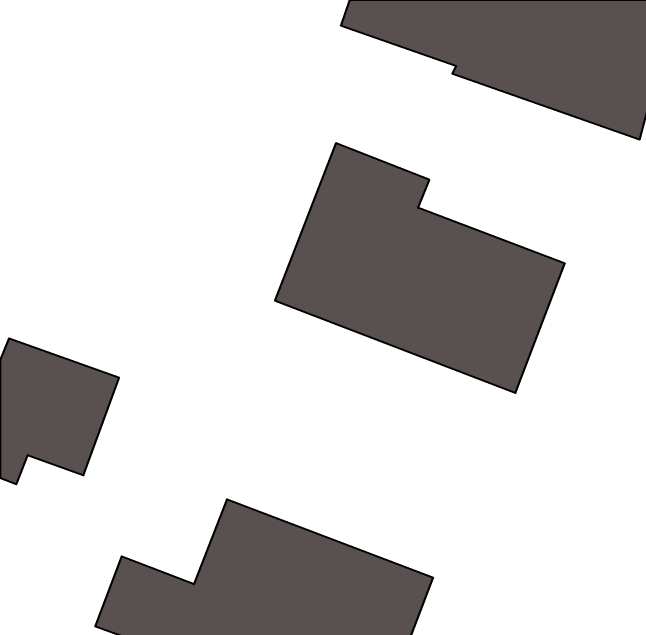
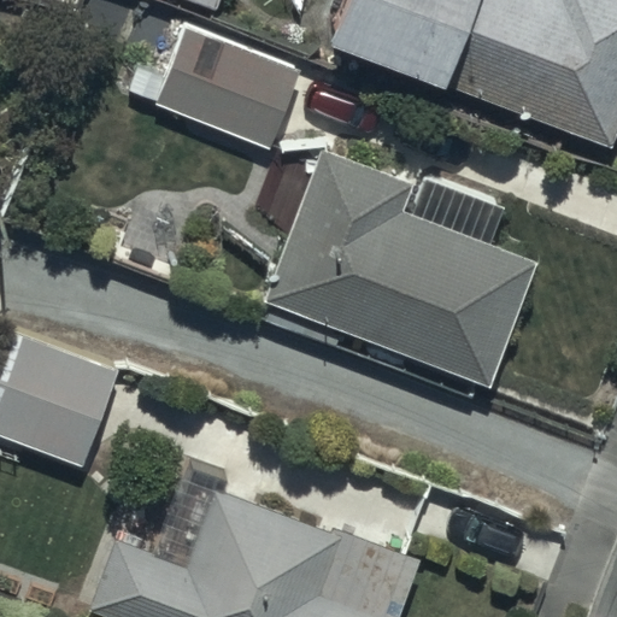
building: none -> [155,28,295,148]

